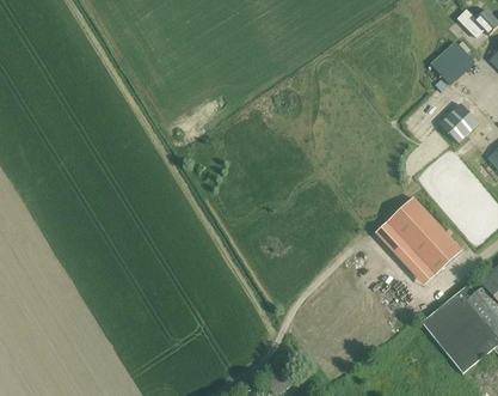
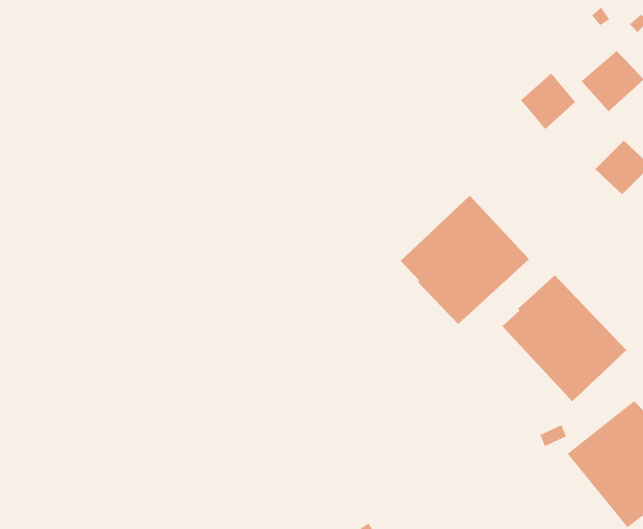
building: none -> [520,73,576,130]
building: none -> [400,195,530,325]

